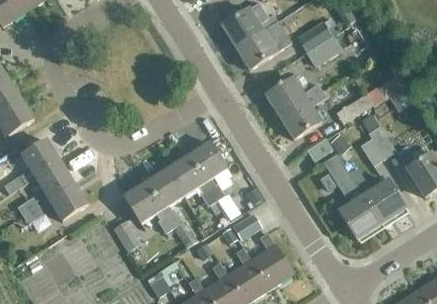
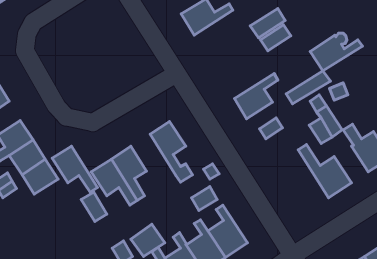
building: [236,20,292,69] -> none
building: [266,75,323,116] -> [310,33,363,71]
building: [324,153,382,239] -> none
building: [167,155,216,205] -> [52,146,97,192]

